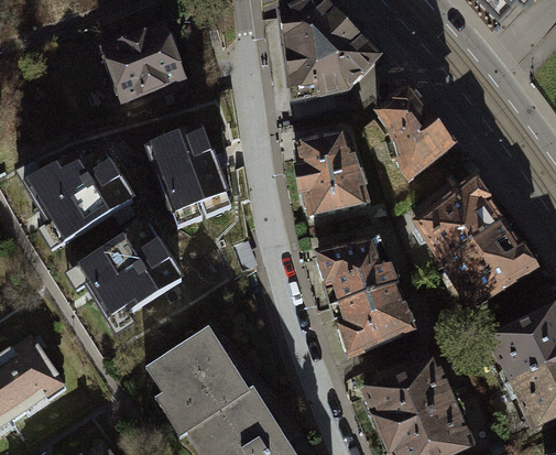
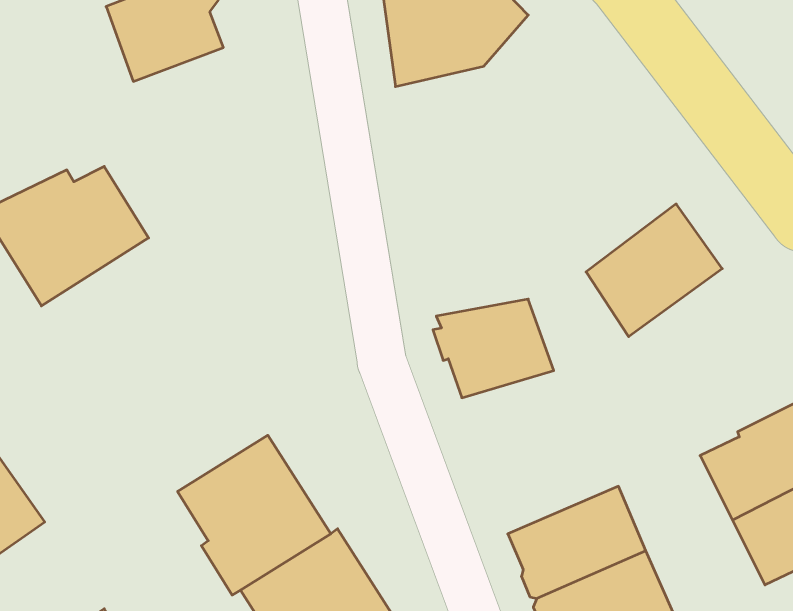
building: [375,89,450,177] -> none
building: [148,126,227,214] -> none
building: [295,133,368,215] -> none
building: [443,219,535,308] -> none
building: [77,223,183,318] -> none
building: [335,285,411,355] -> none

